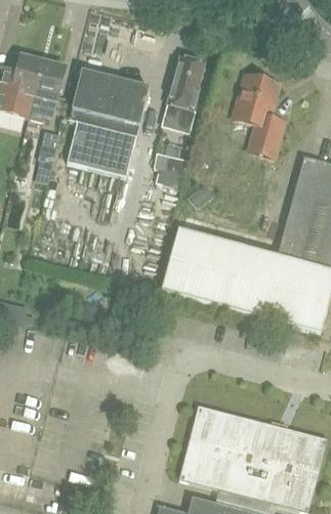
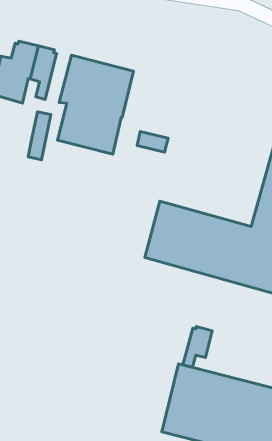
building: [161,55,204,132] -> none
building: [233,74,284,157] -> none
building: none -> [183,326,212,367]

